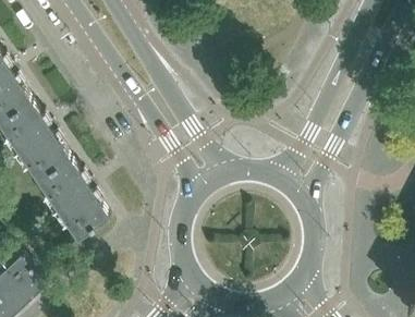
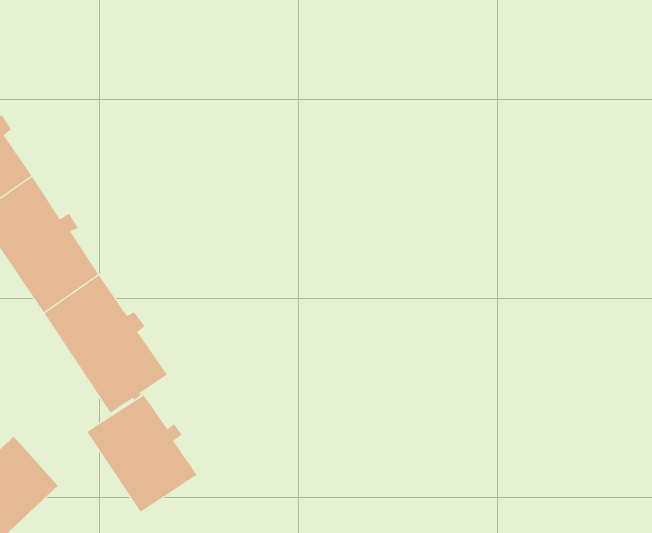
building: none -> [87,394,198,513]

